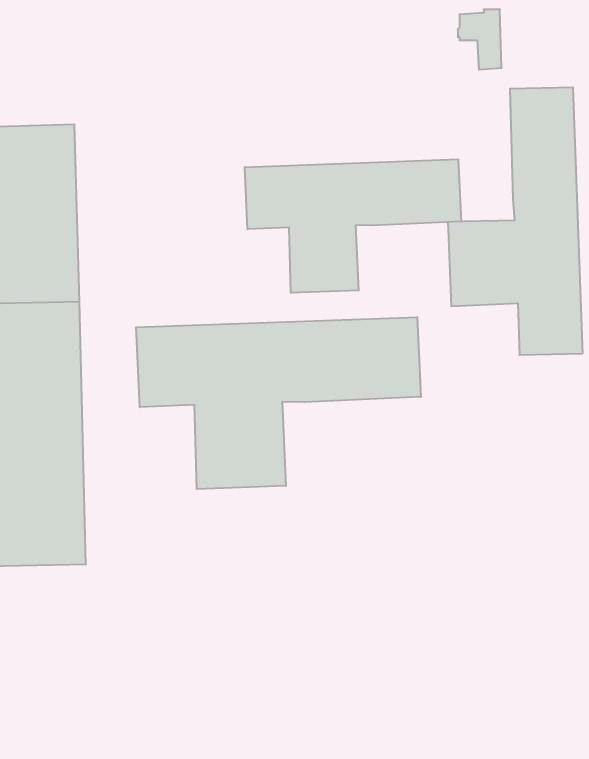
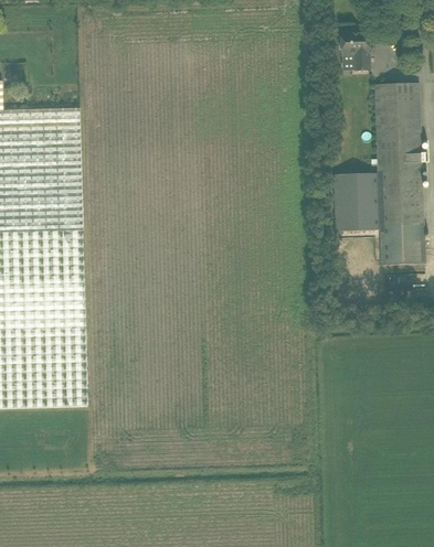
building: [245,159,461,293] -> none
building: [136,317,421,489] -> none

